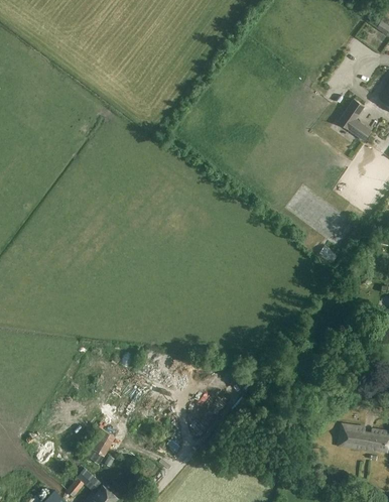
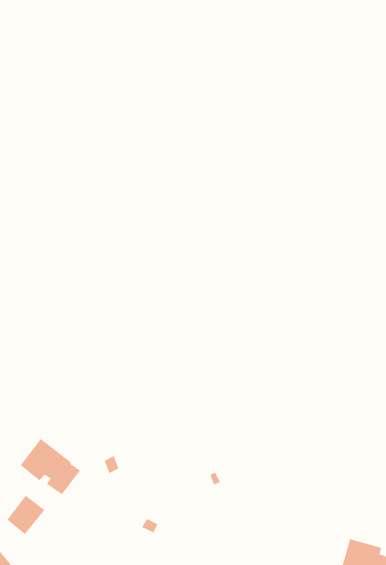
building: none -> [20,438,81,495]

